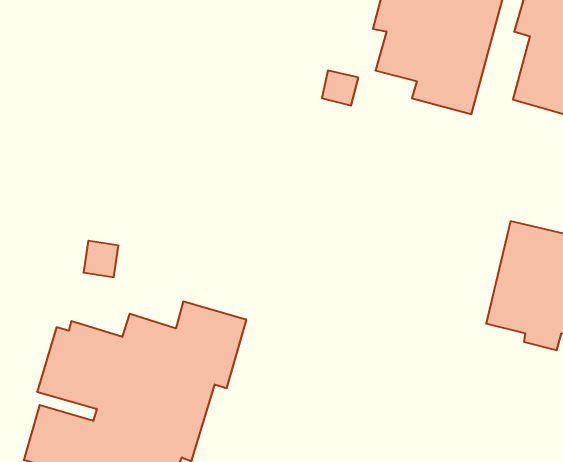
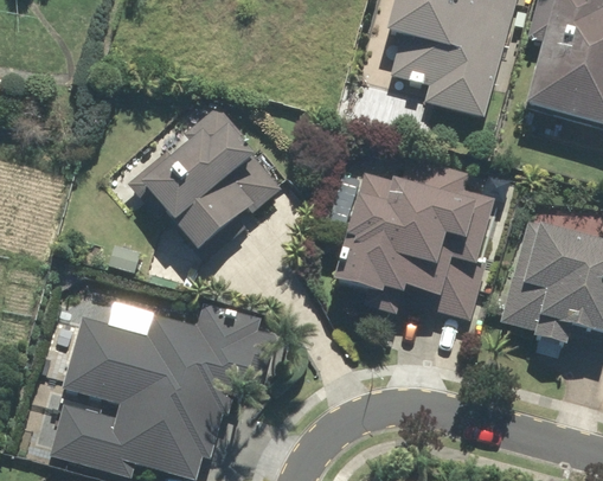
building: none -> [130,105,283,252]
building: none -> [333,166,499,323]

